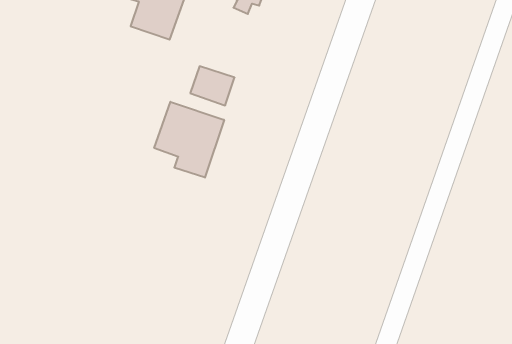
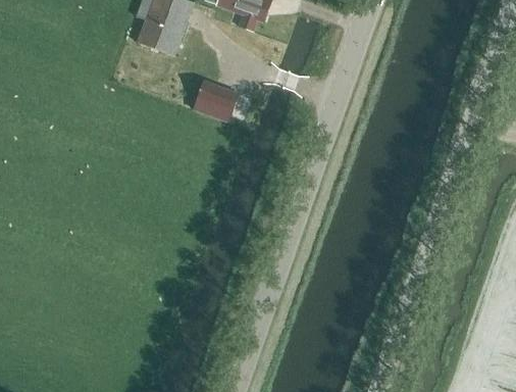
building: [154,102,224,178] -> none

